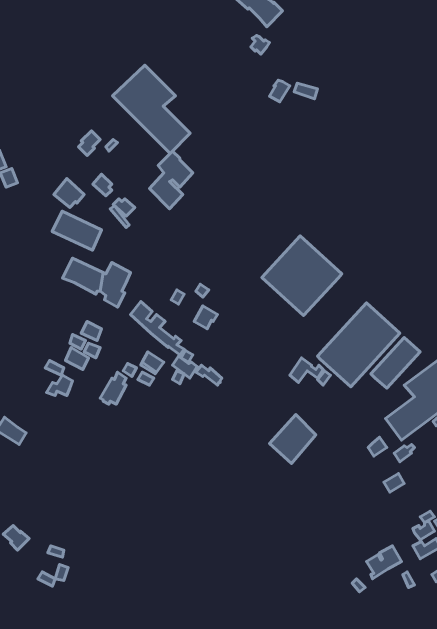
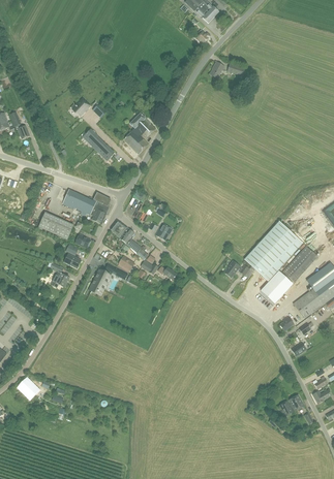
building: [112,65,190,154] -> none
building: [52,211,101,250] -> [37,211,72,238]
building: [262,236,342,315] -> none
building: [270,414,316,464] -> [259,269,292,305]

